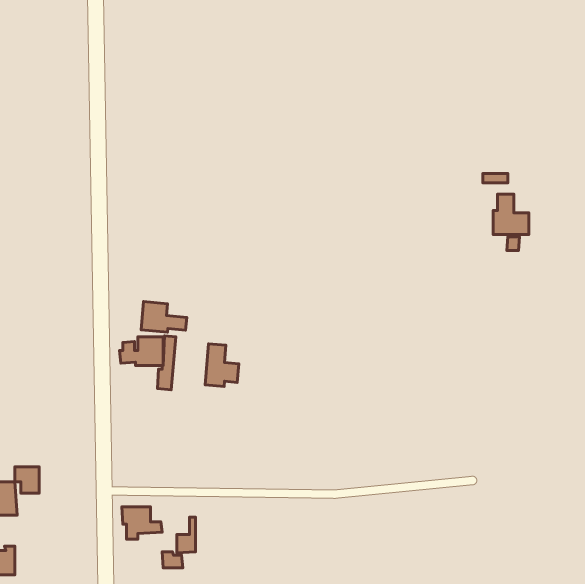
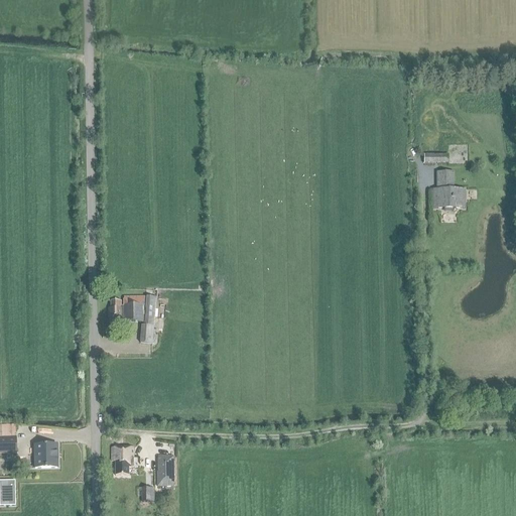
building: [141,302,187,332] -> none
building: [205,344,239,387] -> none
building: [15,467,39,493] -> [31,442,52,466]

